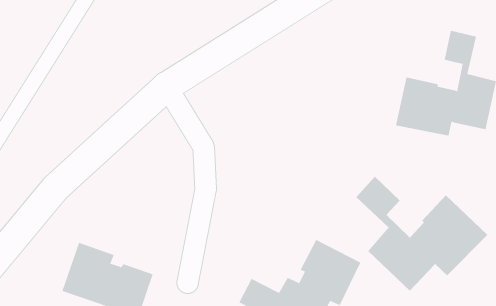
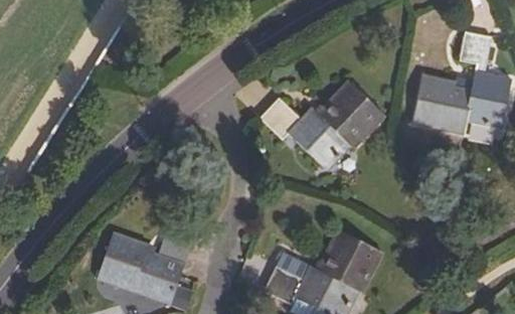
building: none -> [260,80,384,165]
building: [355,176,488,291] -> none

